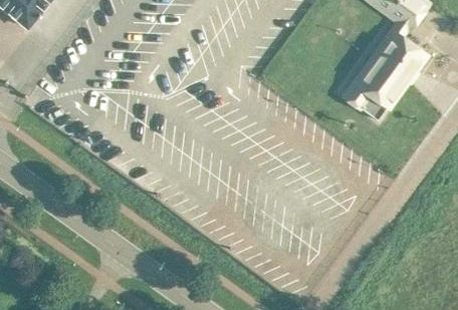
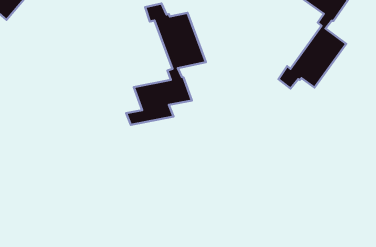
building: none -> [126,4,206,125]

